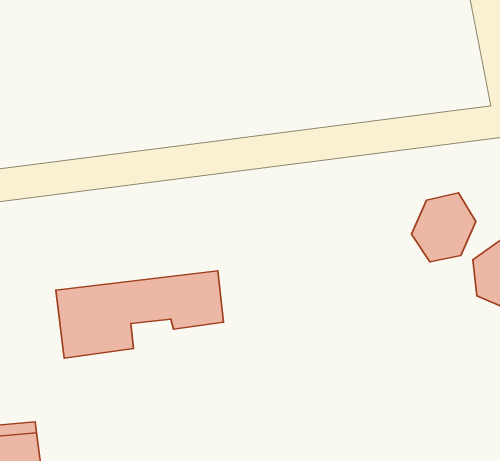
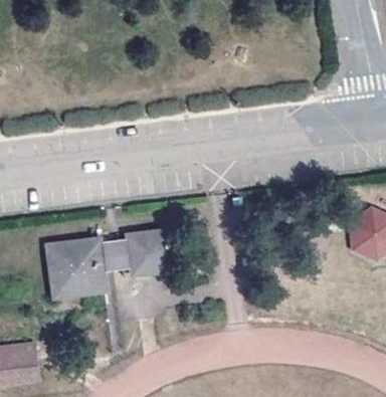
building: [412,193,476,262] -> none

